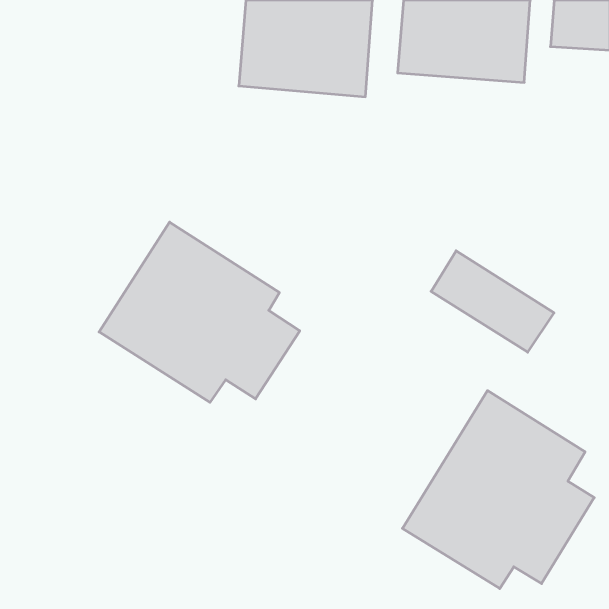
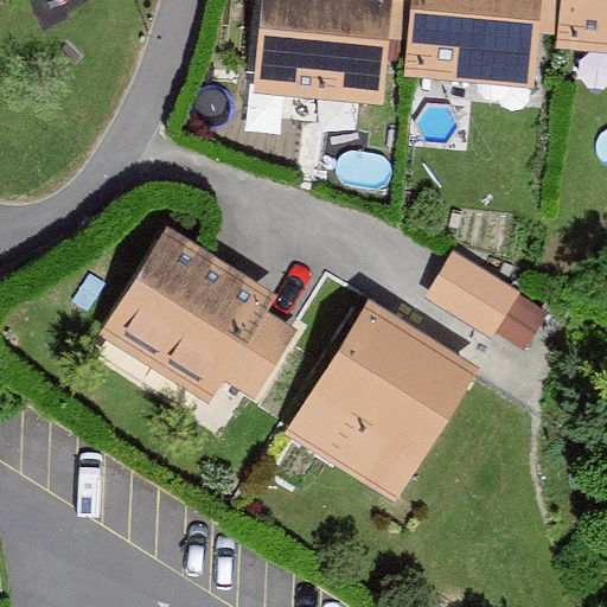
building: none -> [286,295,481,499]
building: [402,391,594,589] -> none

